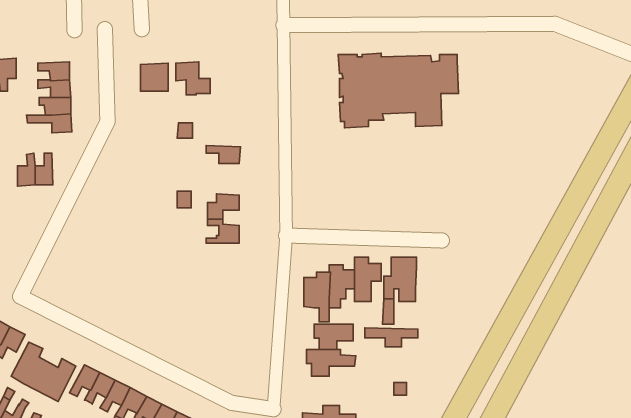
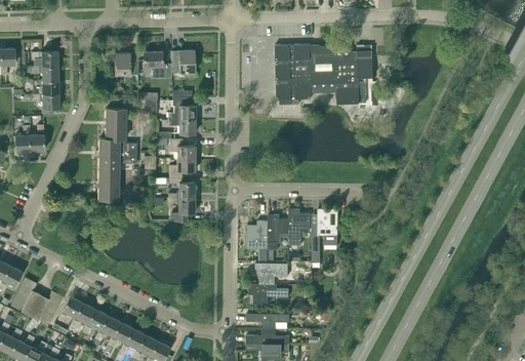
building: none -> [171,50,195,73]
building: none -> [168,97,196,120]
building: none -> [98,109,136,200]
building: none -> [169,138,195,159]
building: none -> [168,198,195,220]
building: [365,328,418,347] -> [246,314,289,329]

